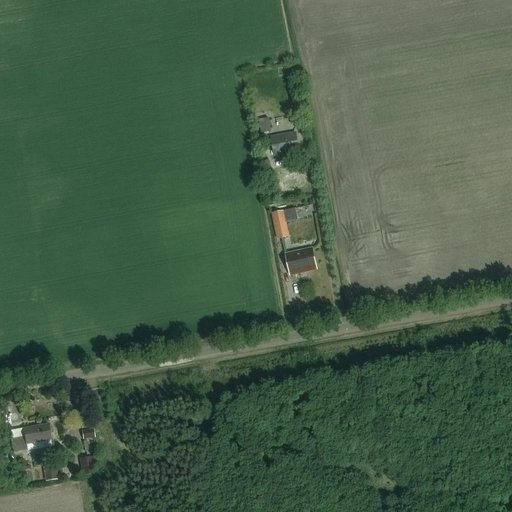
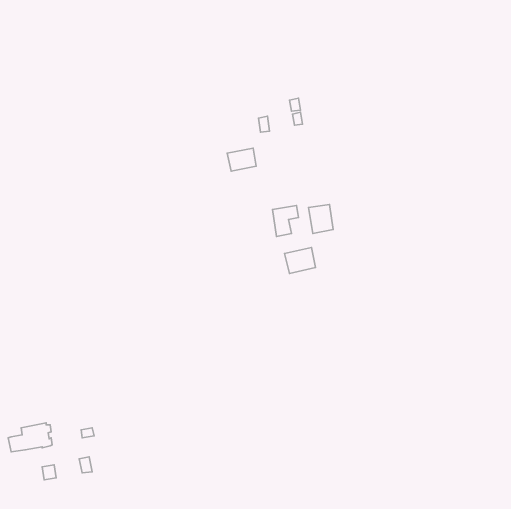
building: [268,131,297,154] -> [227,148,256,171]
building: none -> [309,205,333,233]

